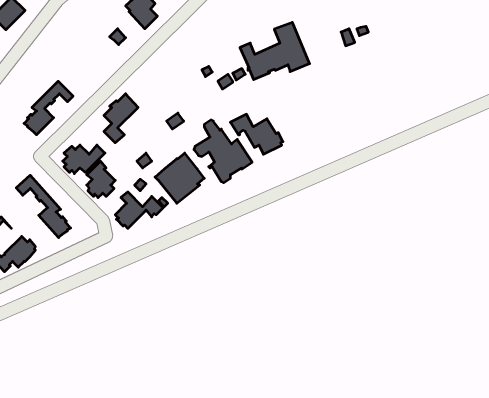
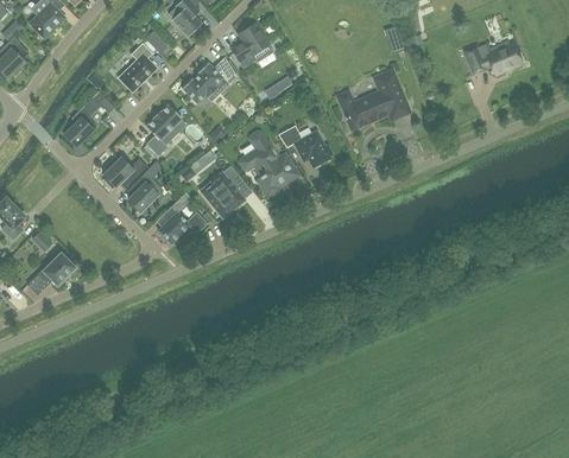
building: none -> [230,21,268,68]
building: [240,22,310,80] -> [337,69,410,128]
building: none -> [119,42,157,90]
building: none -> [464,43,523,74]
building: none -> [182,56,238,102]
building: [16,175,71,238] -> none

